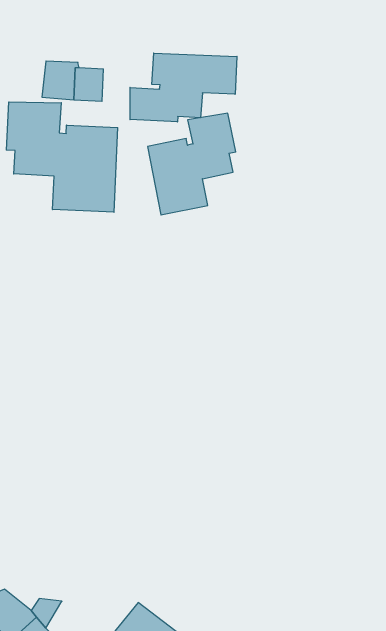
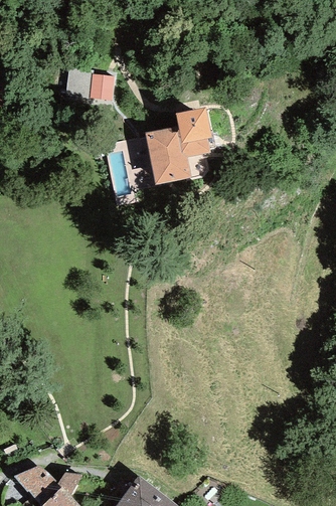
building: [130,53,237,122] -> none
building: [6,102,118,212] -> none

